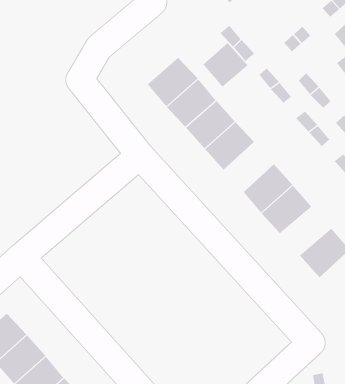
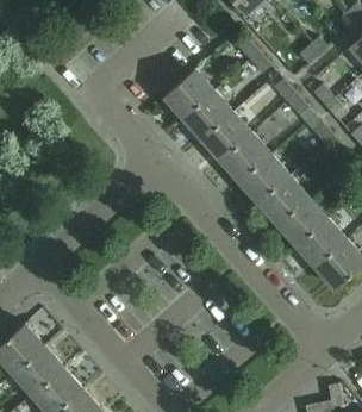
building: [203,42,248,87] -> none
building: none -> [239,154,289,204]
building: none -> [295,218,347,267]

